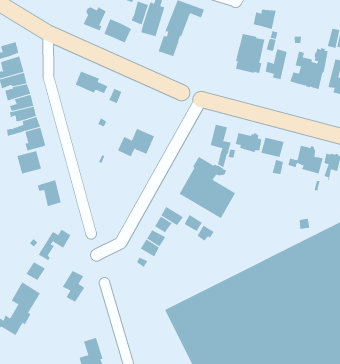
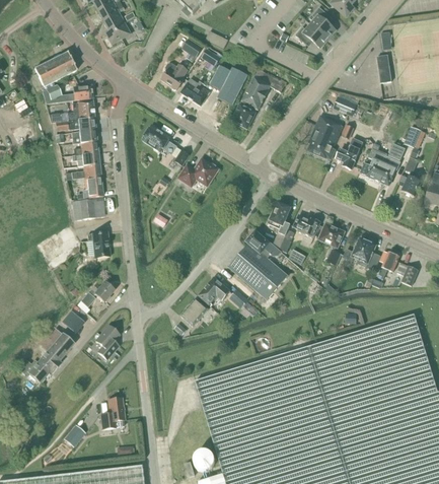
building: [117,128,155,157] -> [178,158,219,187]

